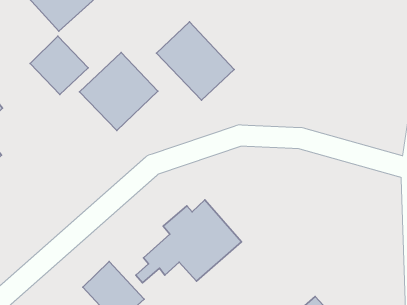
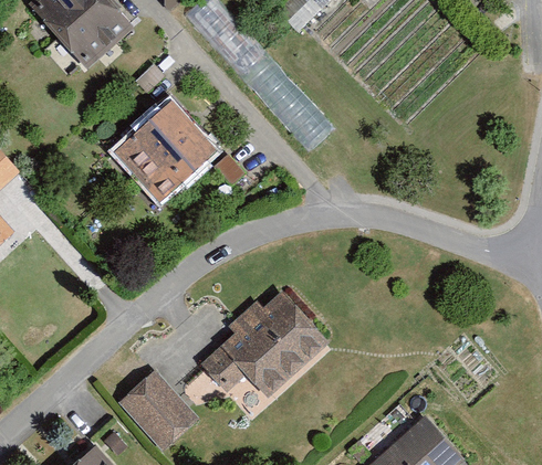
building: [156,22,234,100] -> none
building: [30,36,88,94] -> none

